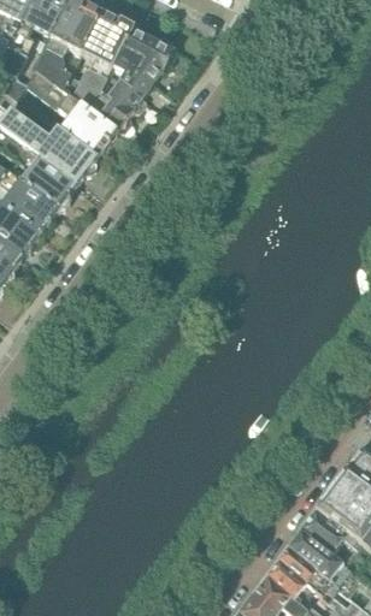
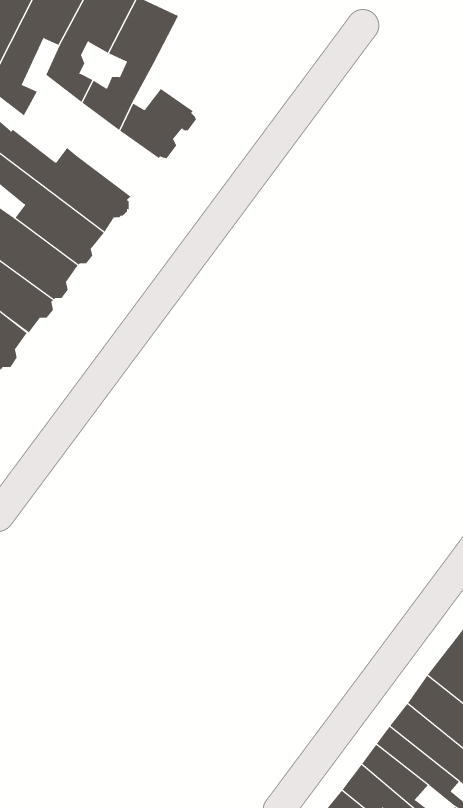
building: [114,26,175,96] -> none
building: [28,70,118,159] -> none

